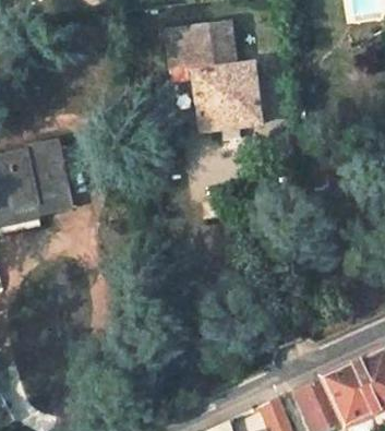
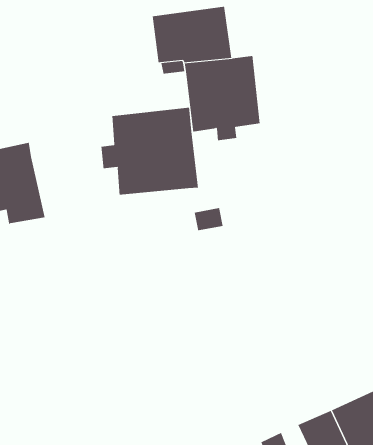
building: none -> [101,107,199,196]

